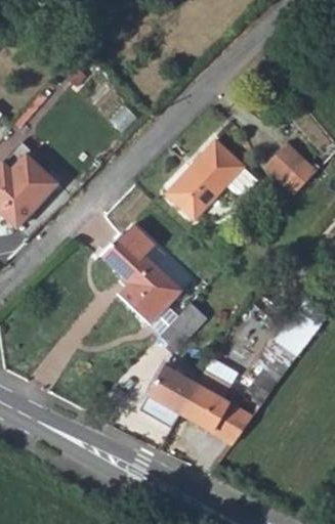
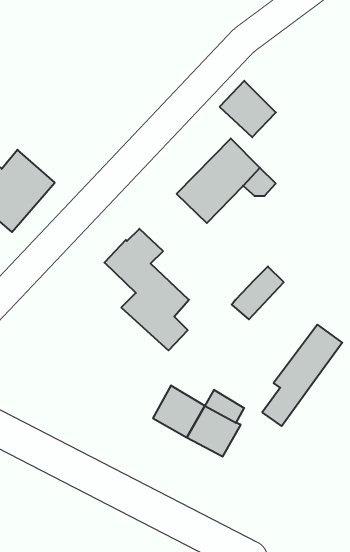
building: [263,143,315,194] -> [220,81,276,137]
building: [157,302,204,350] -> [232,266,284,319]
building: [209,400,252,441] -> none

